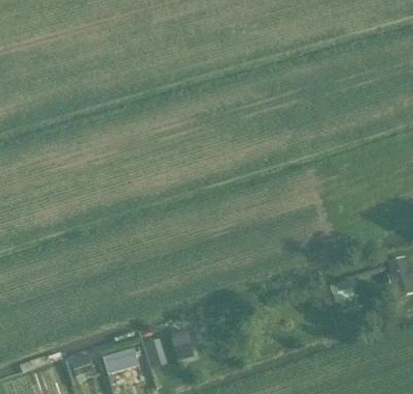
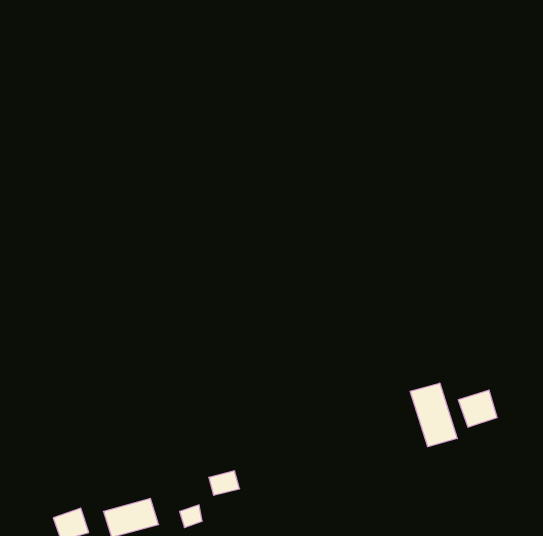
building: none -> [410,383,457,447]

